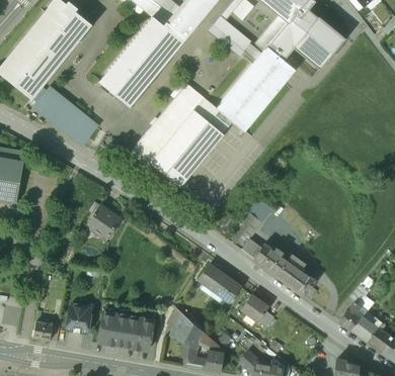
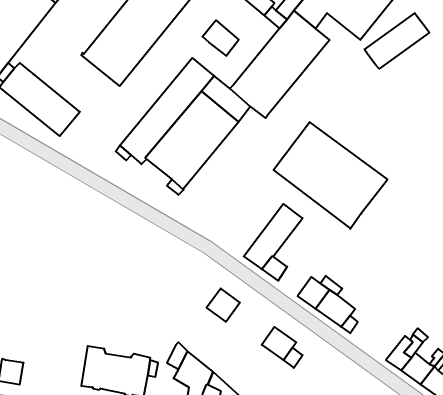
building: none -> [365,13,429,69]
building: none -> [202,20,239,56]
building: none -> [274,122,387,229]
building: [85,207,121,241] -> none
building: [254,244,283,271] -> none
building: [213,276,240,302] -> none
building: [65,305,91,333] -> none

